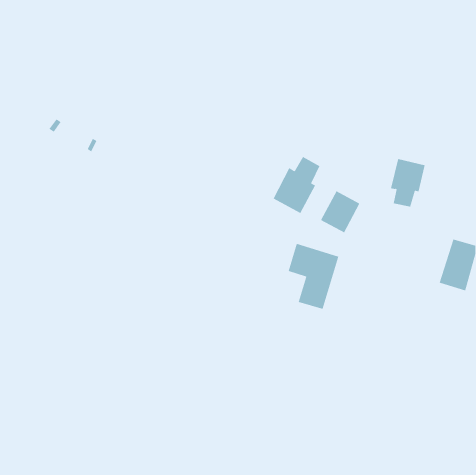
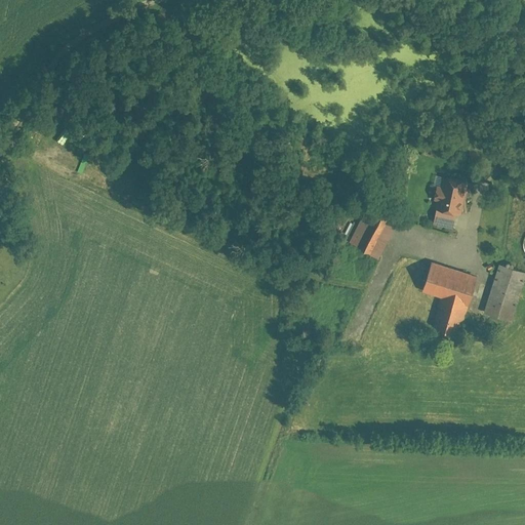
building: [273,156,320,214] -> none
building: [288,243,339,310] -> [420,261,477,334]

